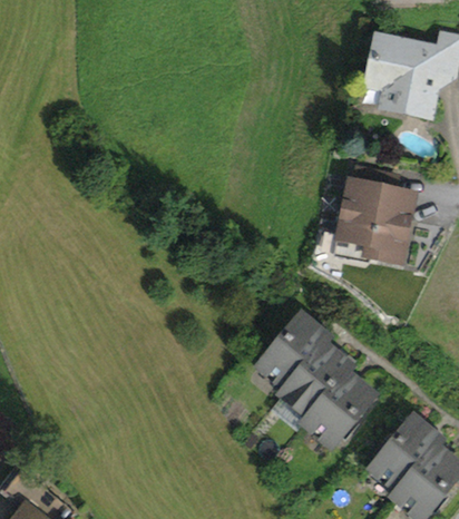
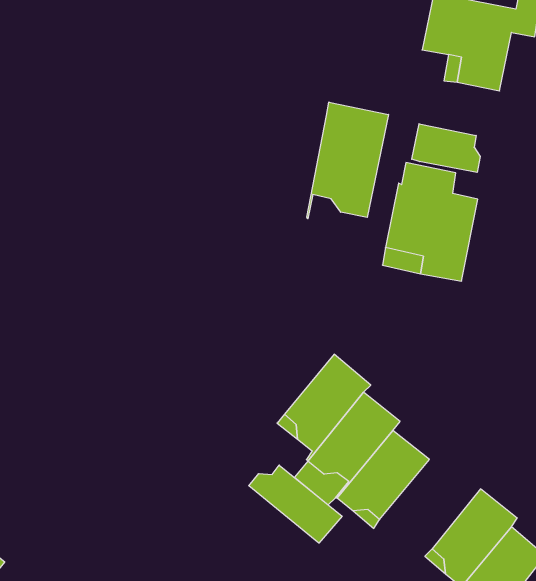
building: none -> [307,102,388,219]
building: none -> [412,124,480,172]
building: none -> [249,465,342,543]

